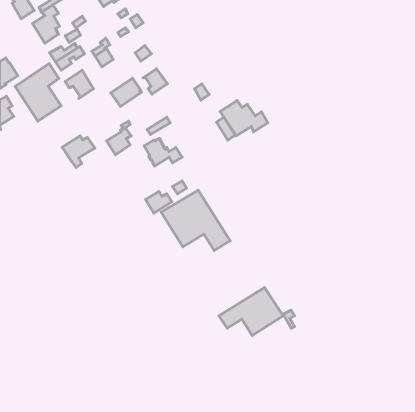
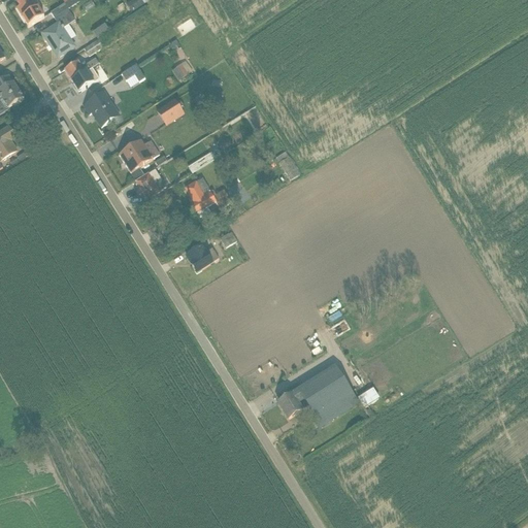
building: [15,64,61,121] -> none
building: [143,69,167,94] -> none
building: [220,101,268,136] -> none
building: [62,136,95,168] -> [118,137,159,177]
building: [161,190,230,250] -> none

